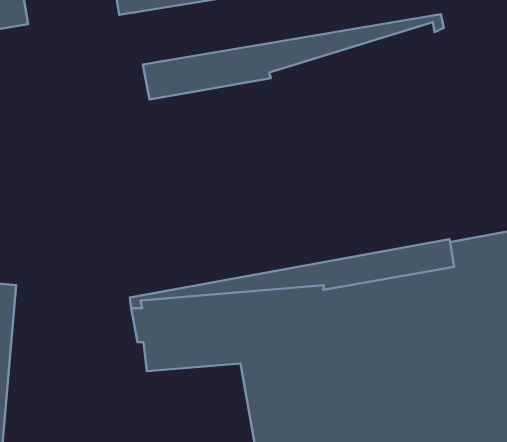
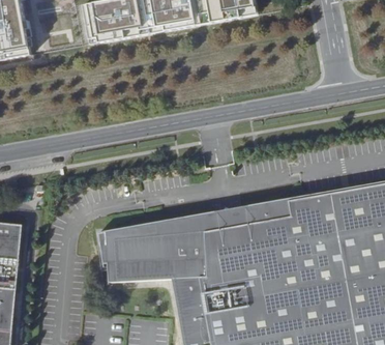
building: [143,14,444,100] -> none

